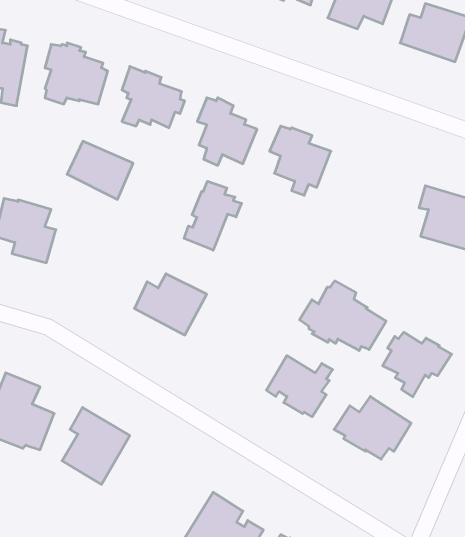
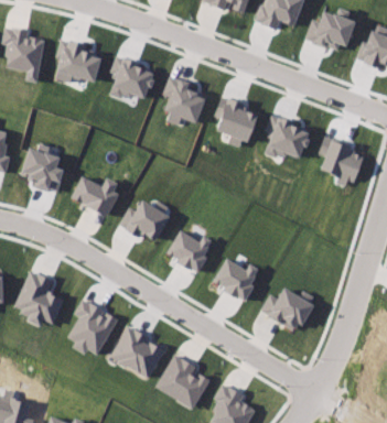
building: [67,141,133,199] -> [72,171,118,212]
building: none -> [267,117,312,161]
building: [184,181,242,250] -> none
building: [300,281,386,351] -> none
building: none -> [168,229,213,272]
building: [383,332,452,397] -> none
building: none -> [110,327,165,378]

